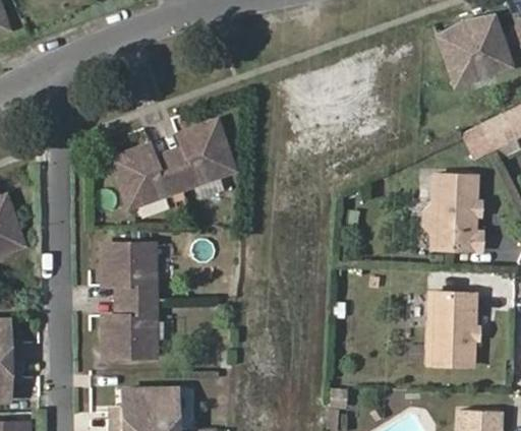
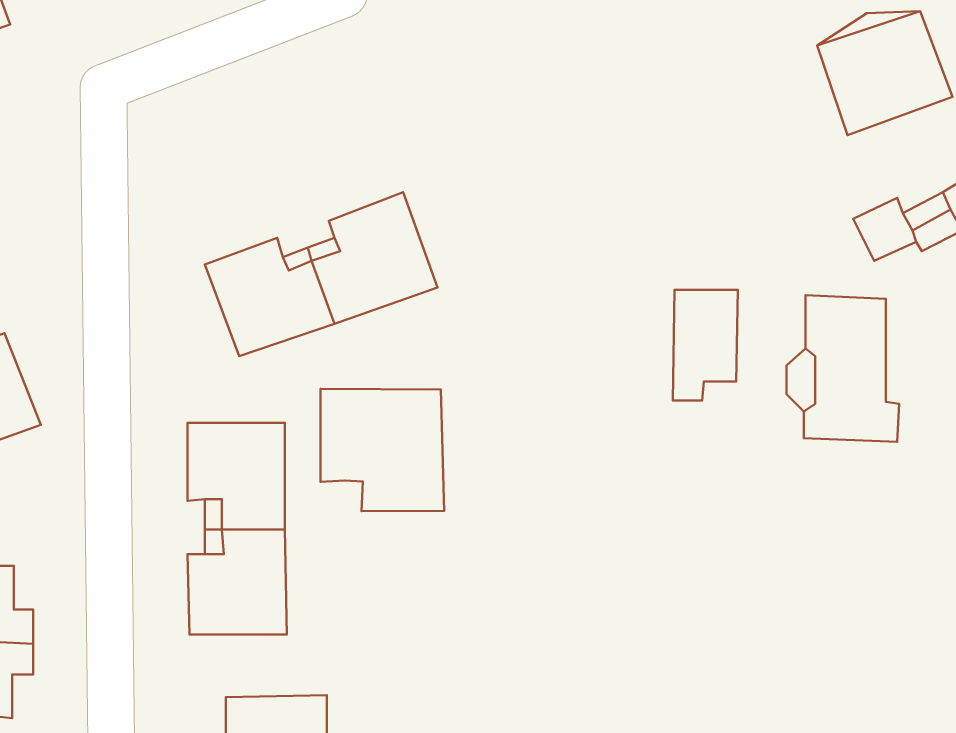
building: none -> [673,290,738,400]
building: none -> [320,389,444,511]
building: [428,292,476,366] -> none

